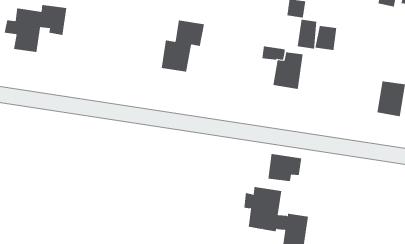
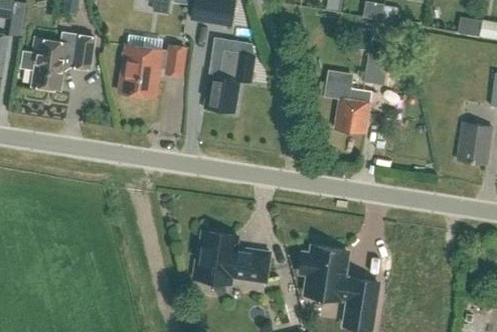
building: none -> [120,35,185,98]
building: [315,25,337,51] -> none
building: [268,153,302,182] -> none
building: none -> [192,231,269,284]

